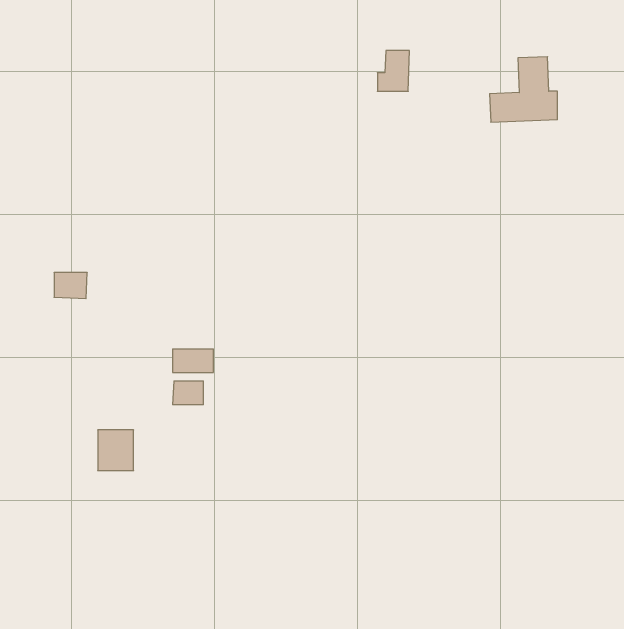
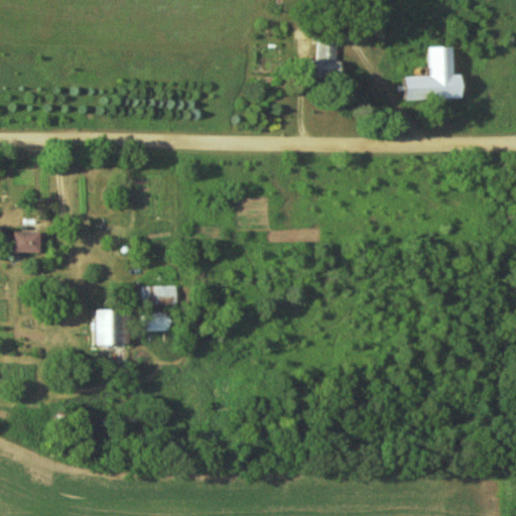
building: [54,273,87,299] -> [13,232,40,253]
building: [98,430,134,471] -> [96,311,125,345]

